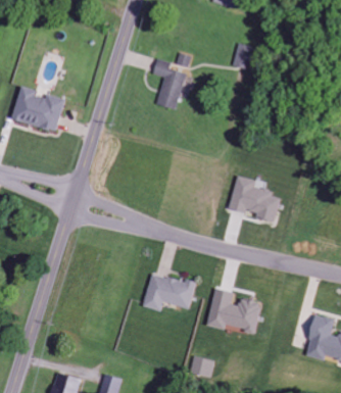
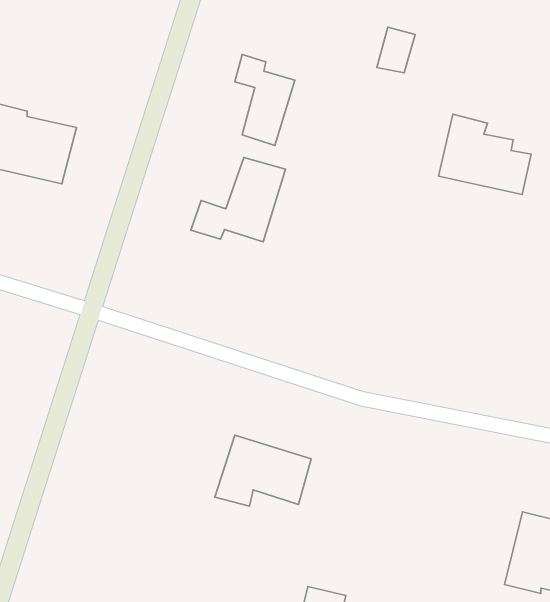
building: none -> [191,157,285,242]
building: [229,176,281,220] -> [438,114,531,194]
building: [207,289,261,333] -> none

